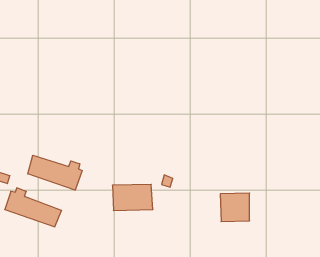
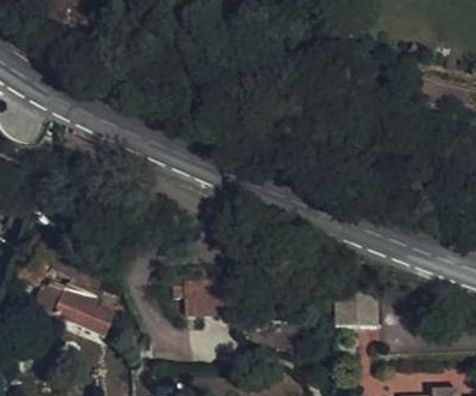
building: [28,155,82,190] -> none

